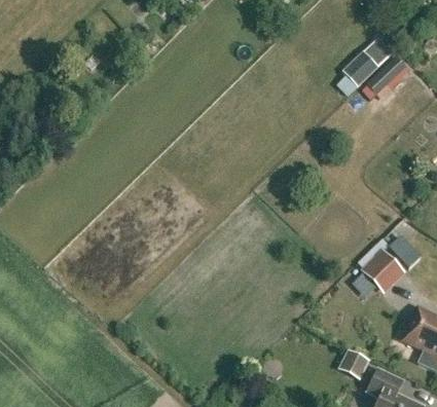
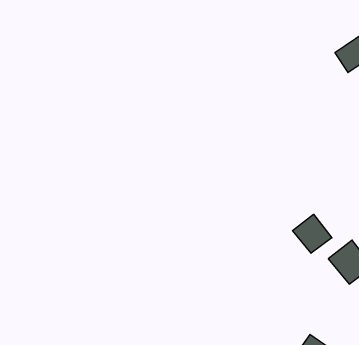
building: none -> [293,214,332,253]

